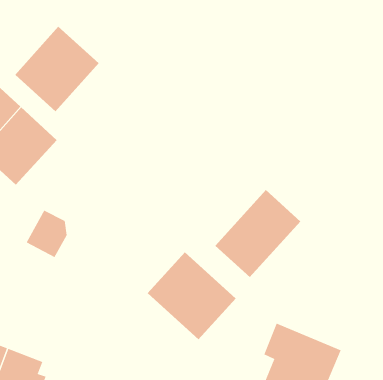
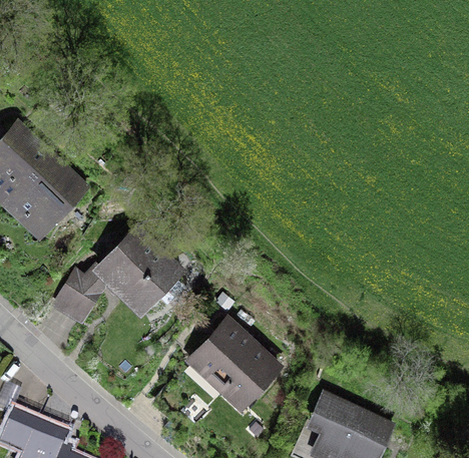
building: [14,26,100,112] -> none
building: none -> [92,223,184,316]
building: [214,189,301,278] -> none

